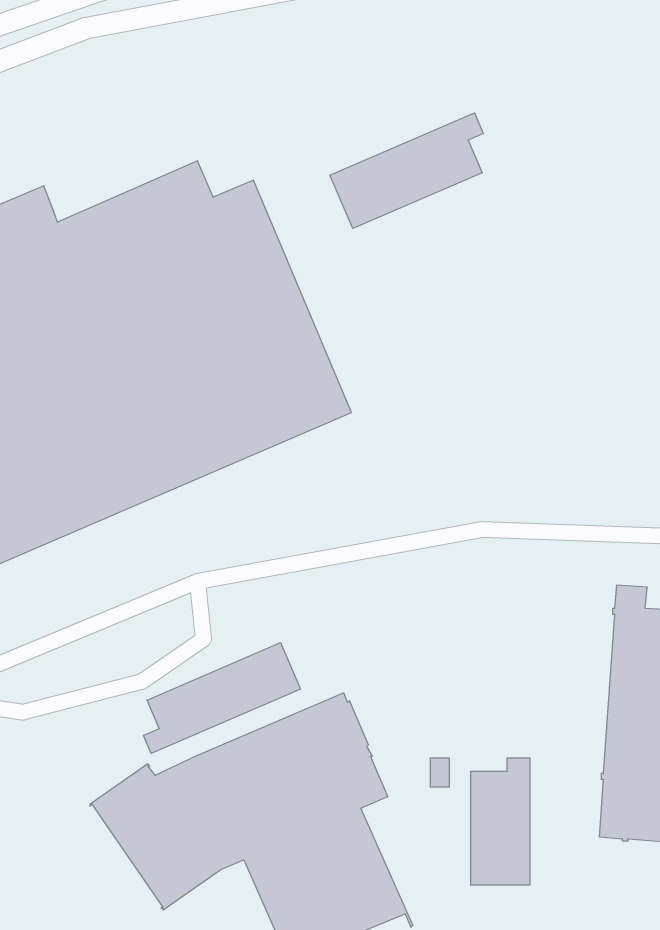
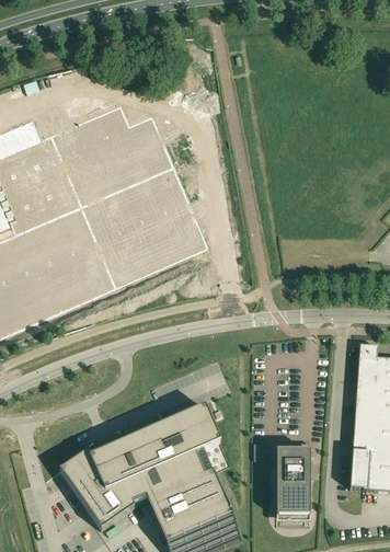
building: [330,113,483,228] -> none
building: [143,643,300,753] -> none

